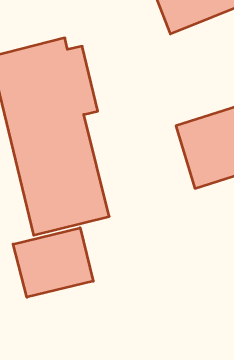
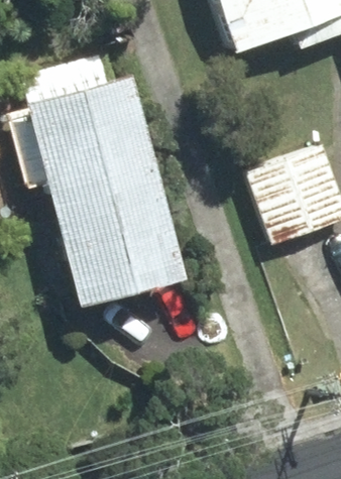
building: [13,228,93,297] -> none

